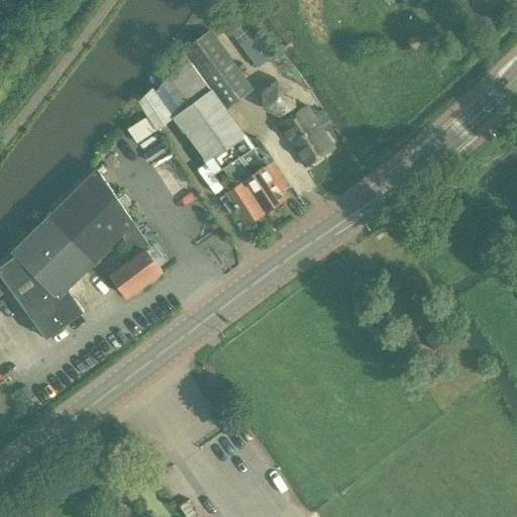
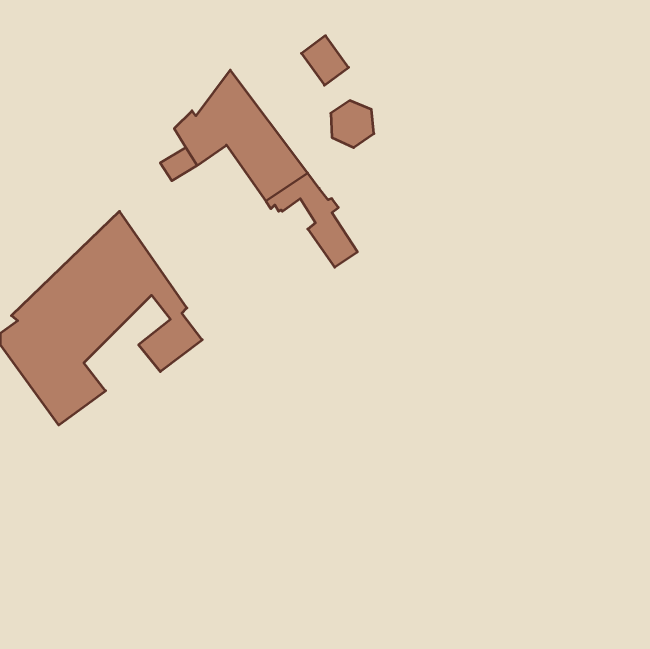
building: [183,31,253,110] -> none
building: [278,107,333,169] -> none
building: [221,159,266,226] -> none

